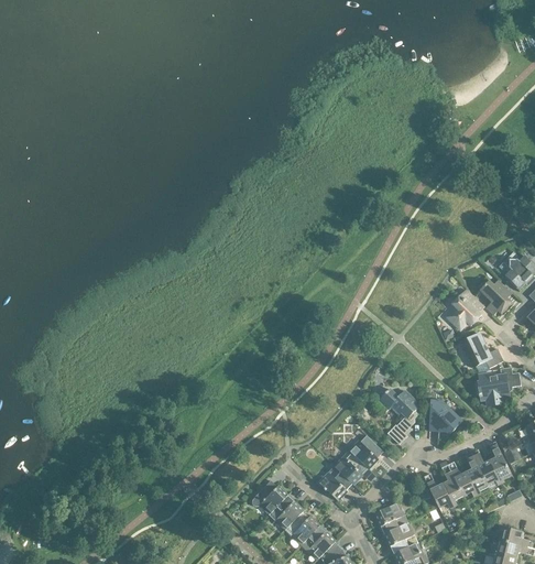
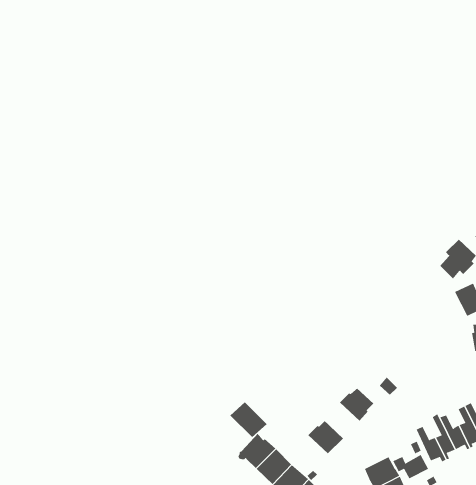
building: [379,388,418,425] -> none
building: [428,399,462,432] -> none
building: none -> [230,402,268,438]
building: [334,449,369,485] -> none
building: none -> [392,454,429,479]

